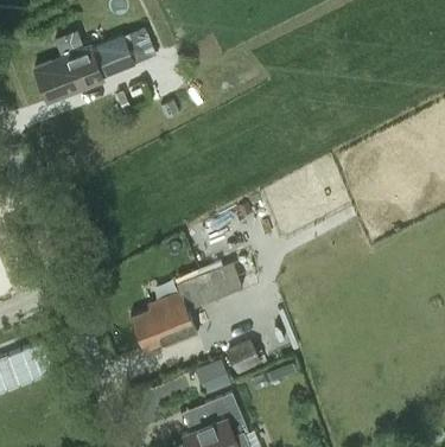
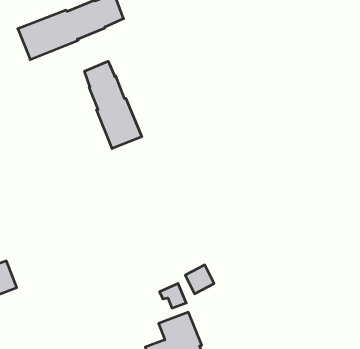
building: none -> [85,61,142,149]
building: [128,261,242,351] -> none

